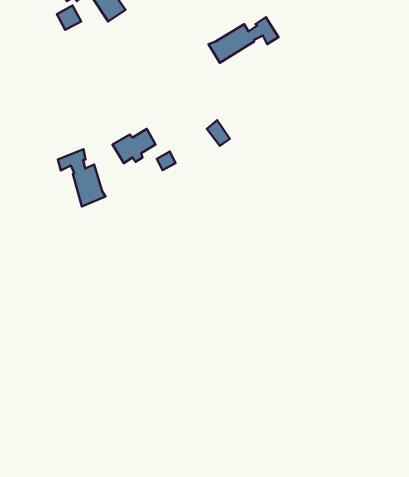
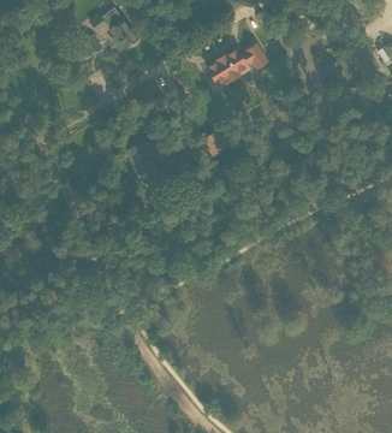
building: [58,149,105,207] -> none

